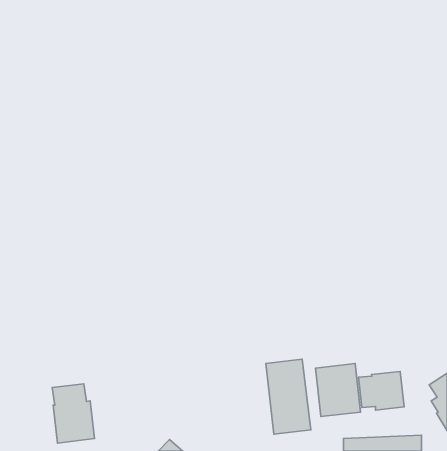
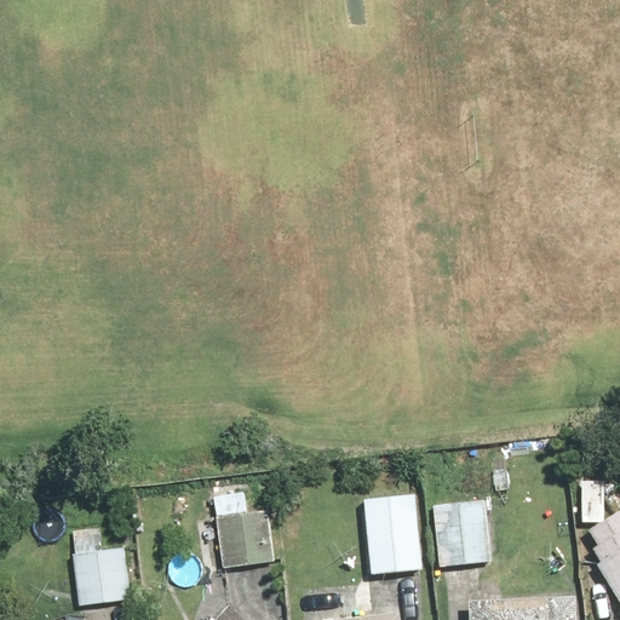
building: none -> [212,490,275,567]
building: [359,371,404,410] -> none

